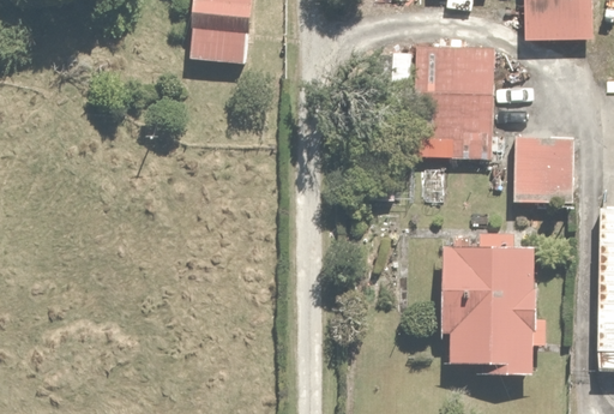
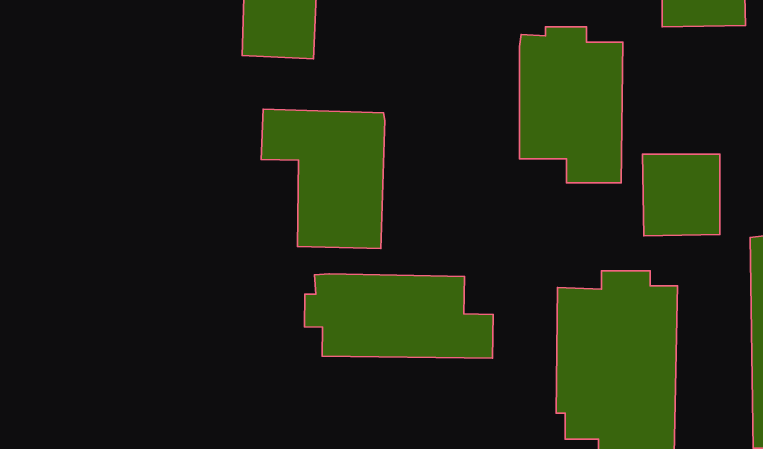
building: none -> [261,109,385,248]
building: none -> [304,274,493,358]

